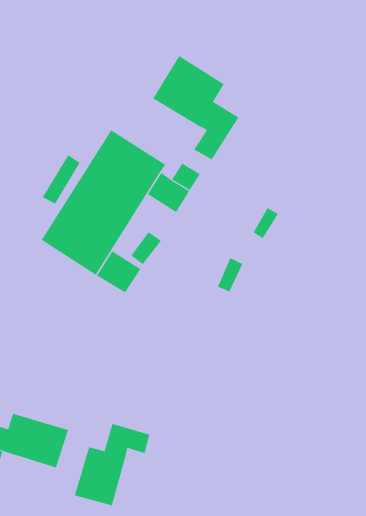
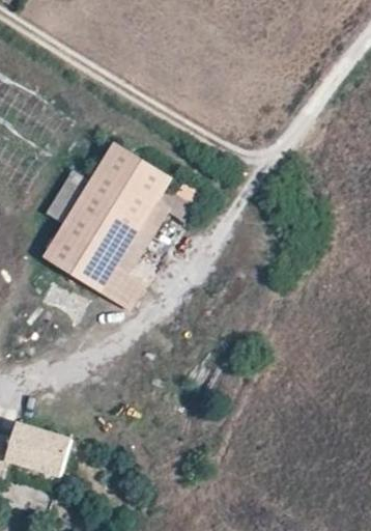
building: [153,55,239,160] -> none
building: [74,423,150,506] -> none

